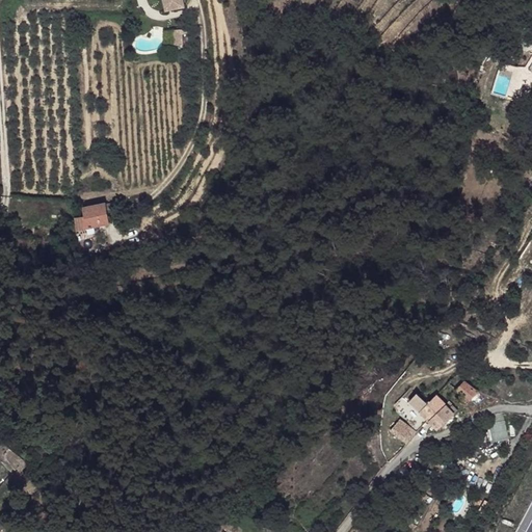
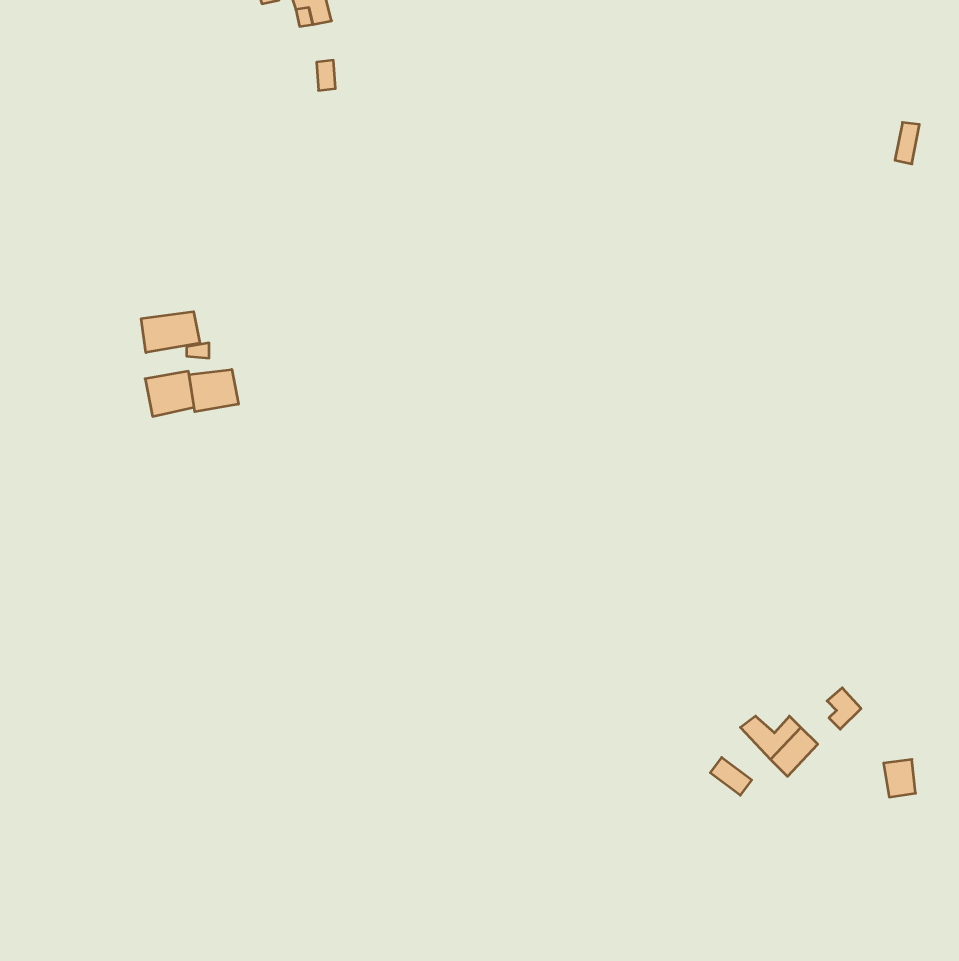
building: none -> [141,312,200,353]
building: none -> [189,369,238,412]

